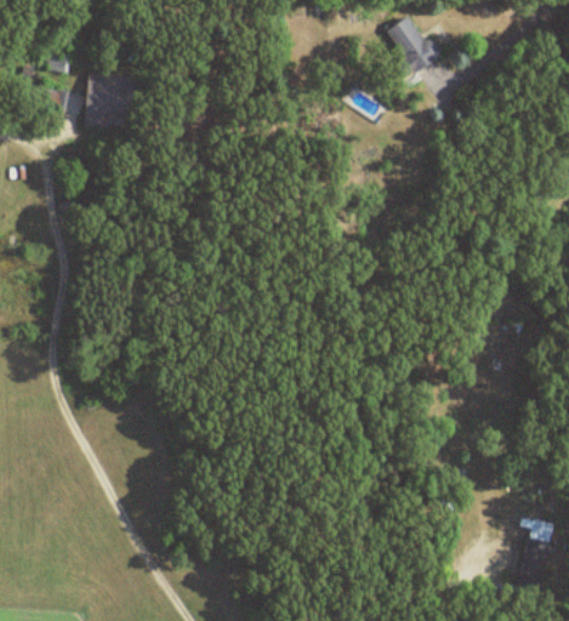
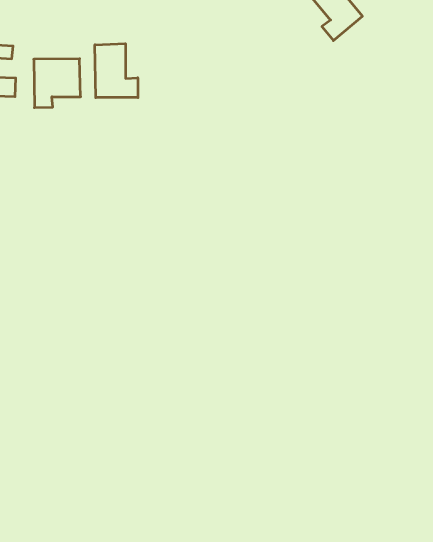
building: none -> [95,44,138,98]

